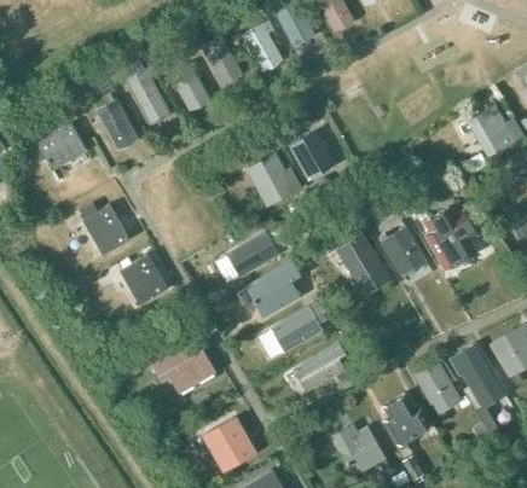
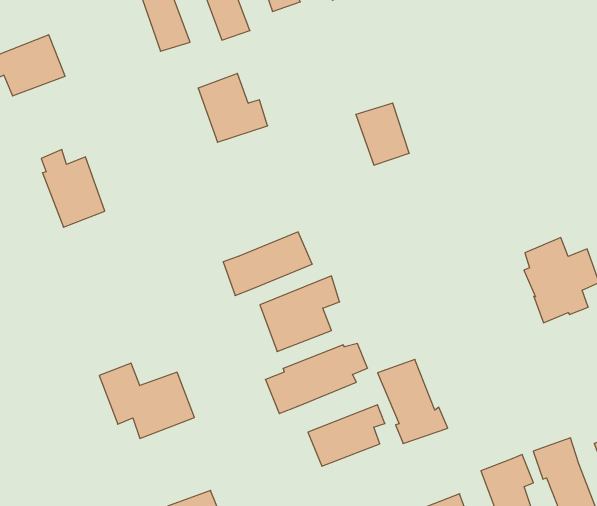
building: [99,105,137,149] -> none
building: [249,155,301,204] -> [198,73,268,142]
building: [381,227,425,275] -> none
building: [337,236,392,295] -> [378,359,448,444]
building: [120,255,168,306] -> none

